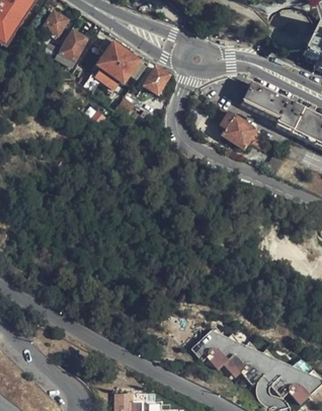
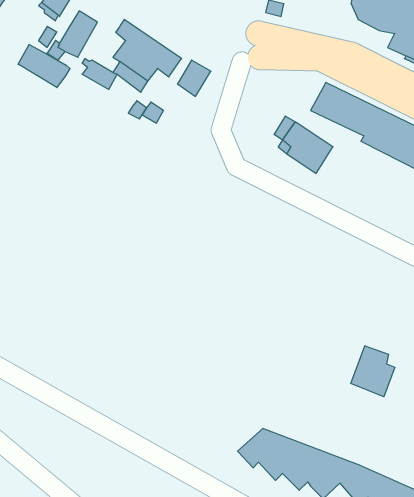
building: none -> [18,44,70,88]
building: none -> [351,346,395,397]

